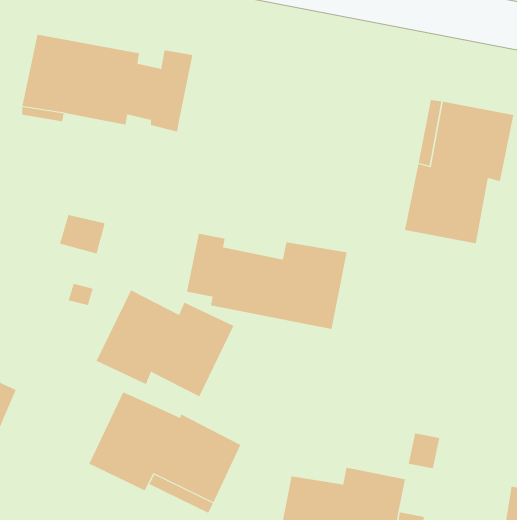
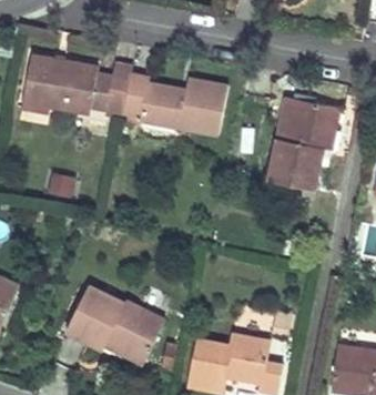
building: [186,233,347,330] -> [123,73,227,135]
building: [96,290,234,397] -> none

